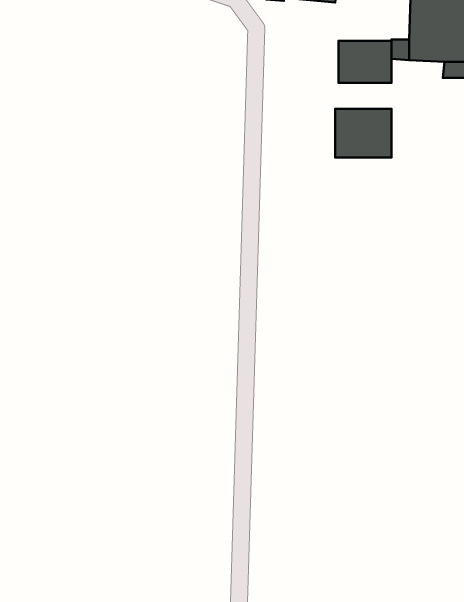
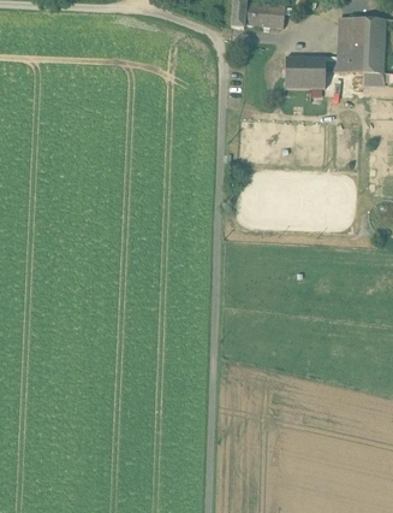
building: [335,109,391,157] -> none

